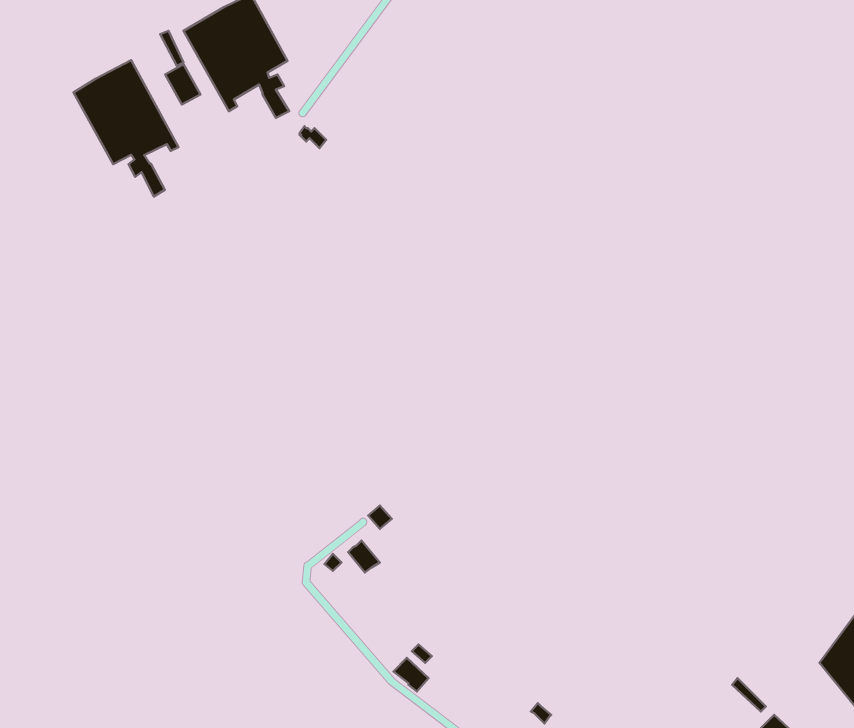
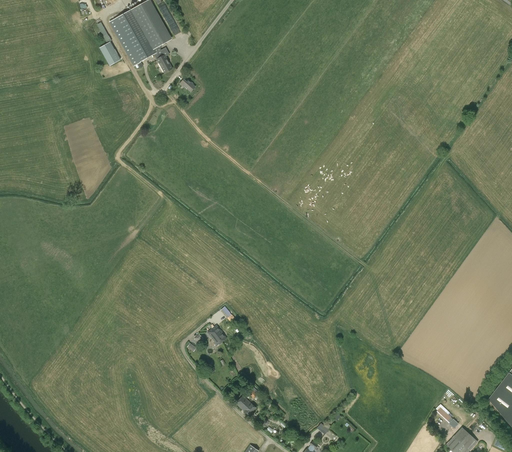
building: [73,60,179,197] -> none

